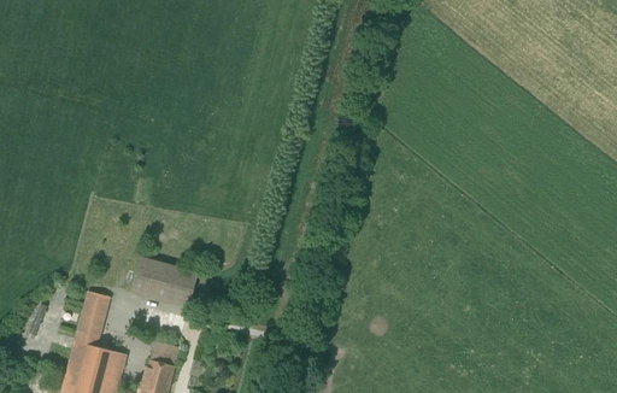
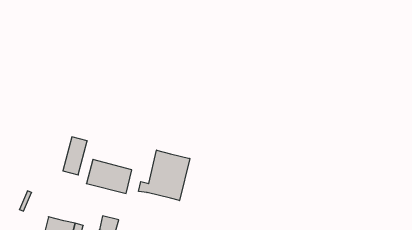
building: none -> [139,150,190,201]
building: [74,292,110,348] -> [63,137,87,175]

